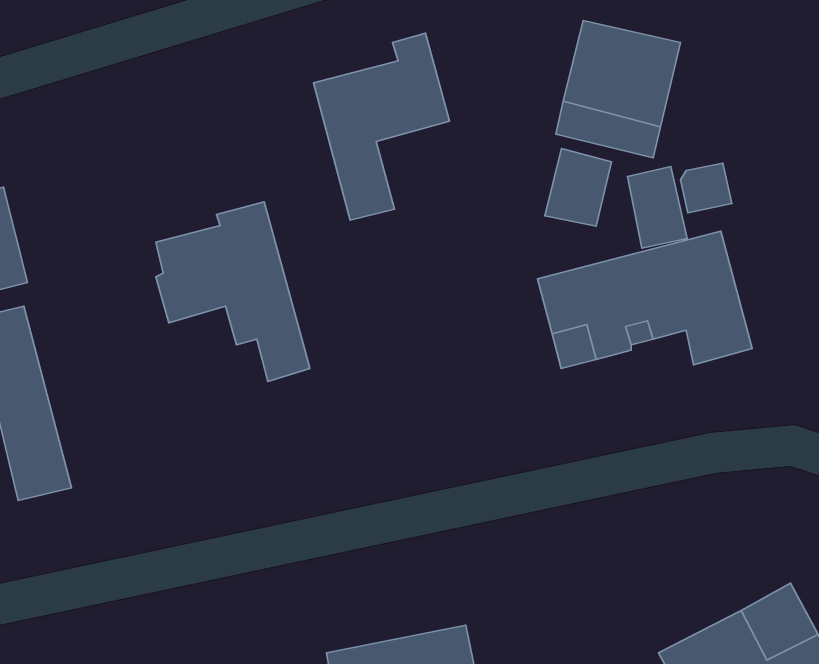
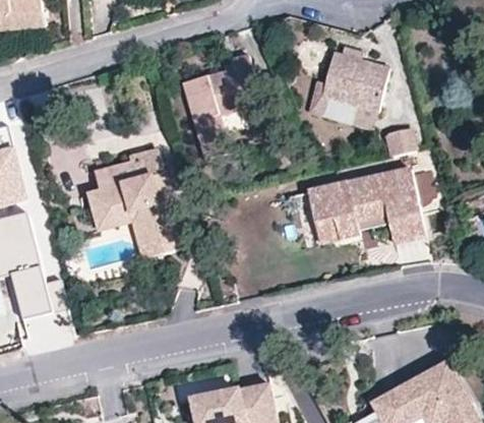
building: [545,148,611,226] -> none
building: [628,167,687,248] -> none
building: none -> [85,192,154,243]

